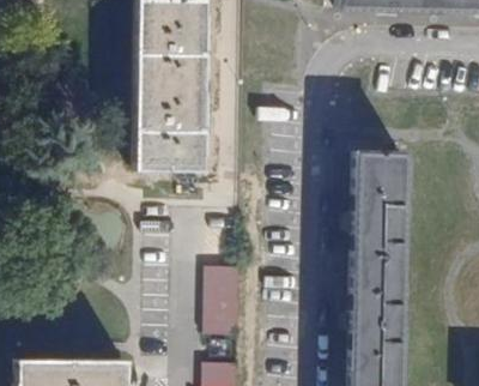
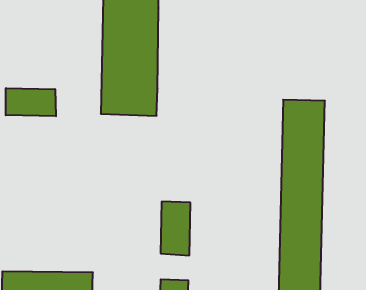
building: none -> [6,88,56,116]

